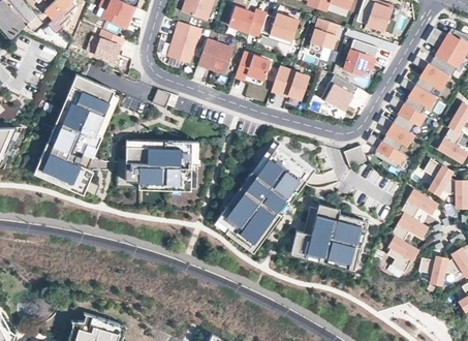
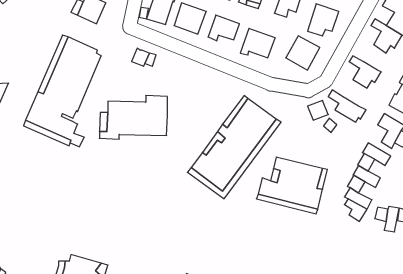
building: [400,79,435,113] -> none
building: [377,116,413,152] -> none

